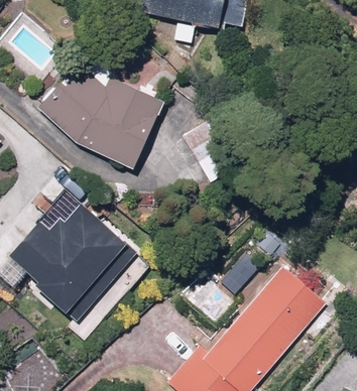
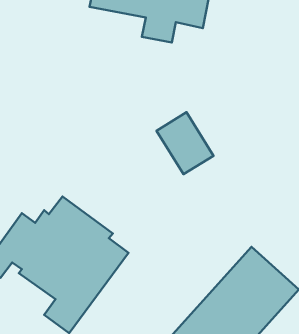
building: [40,69,175,167] -> none

